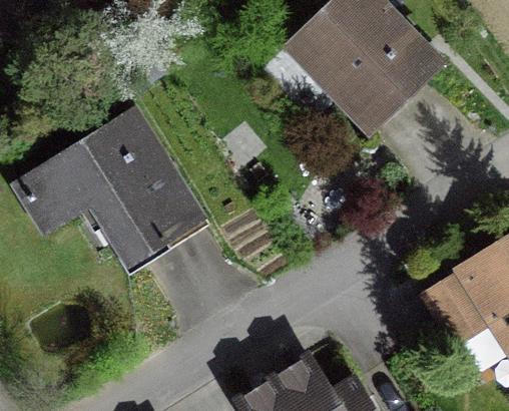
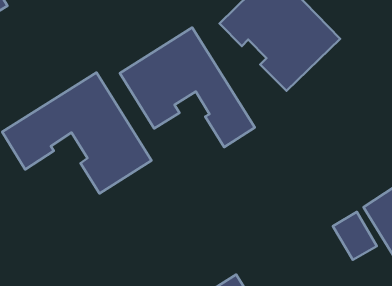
building: none -> [120,27,255,147]

